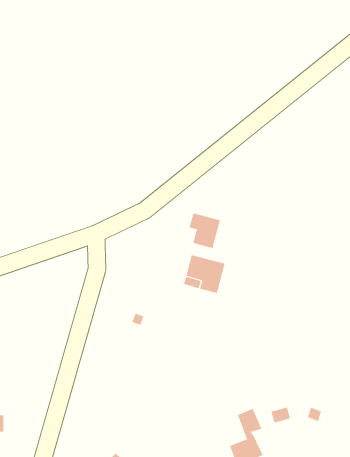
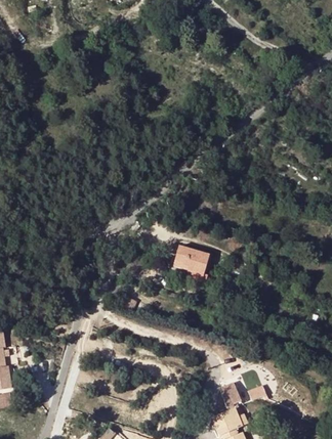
building: [189,212,221,249] -> none

